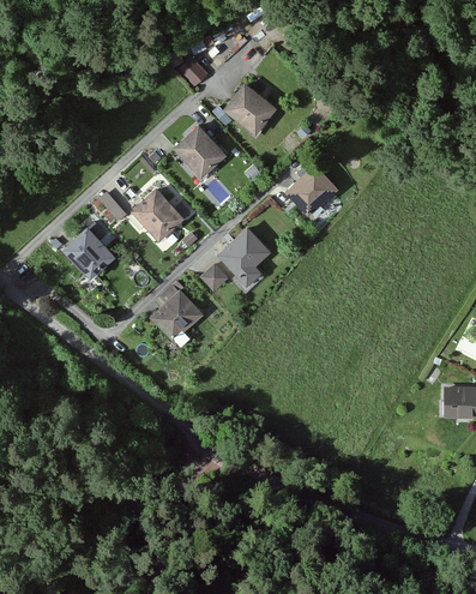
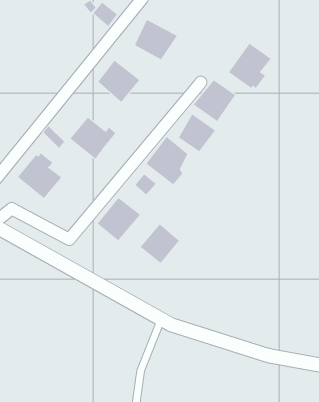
building: none -> [228,43,271,89]
building: none -> [178,113,216,152]
building: none -> [140,224,180,264]

